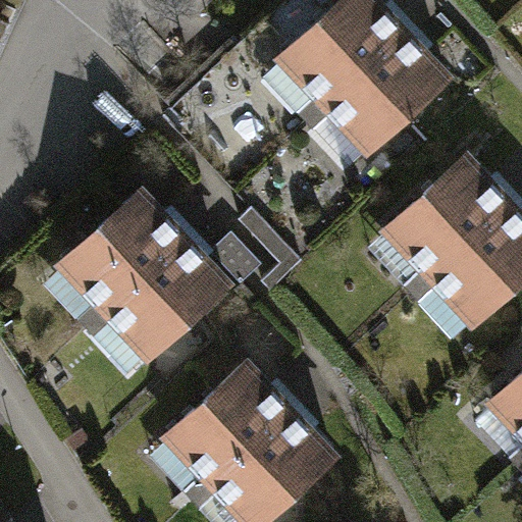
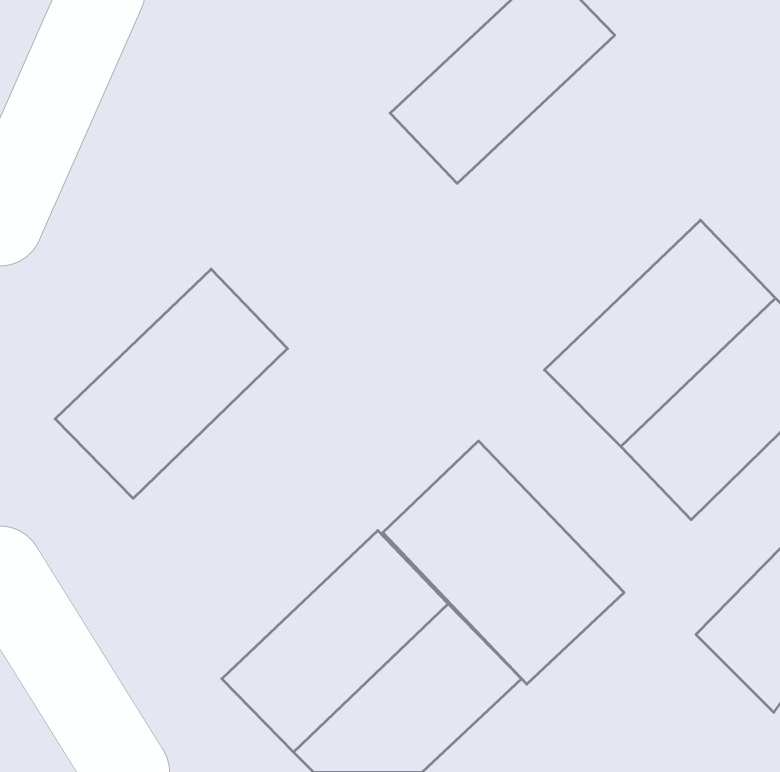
building: [306,23,458,171] -> none
building: [90,232,245,385] -> none
building: none -> [383,441,624,684]

